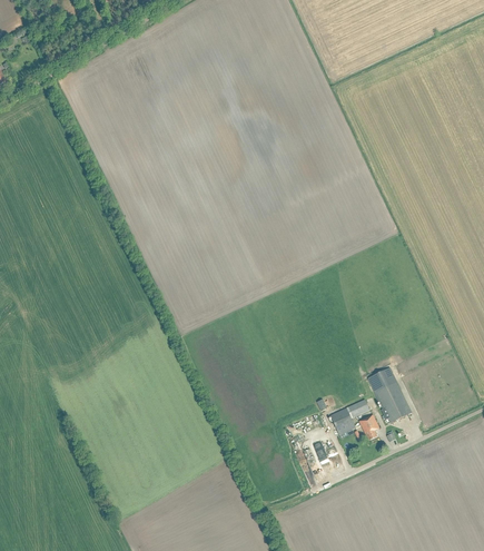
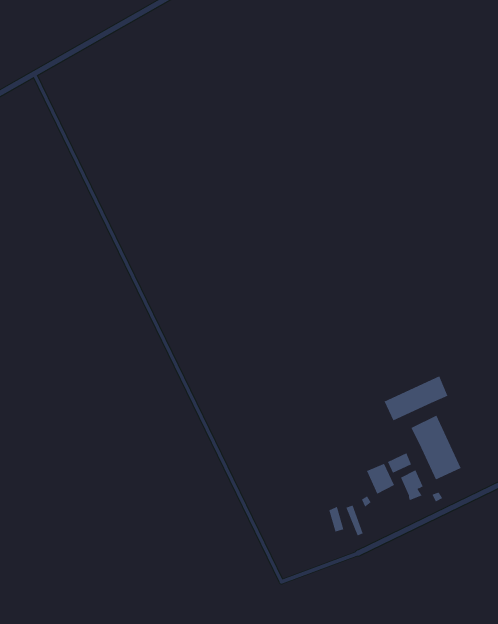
building: none -> [384,375,448,421]

